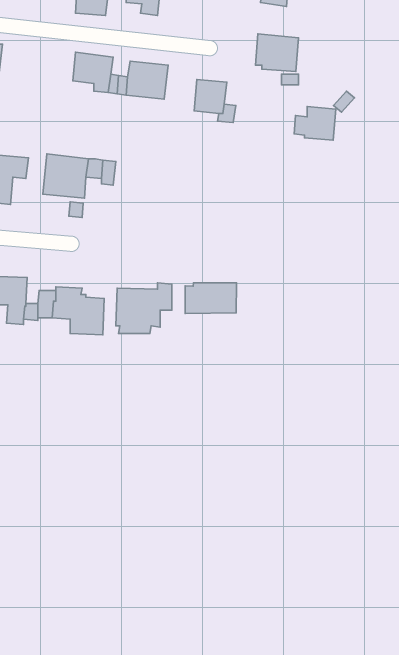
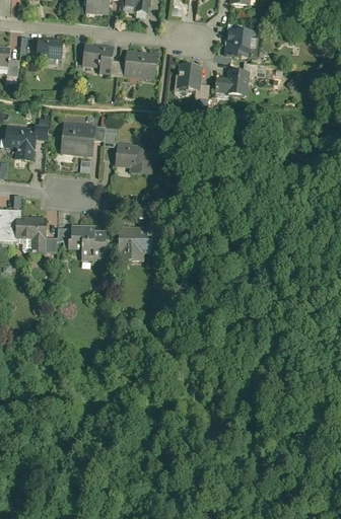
building: none -> [38,38,63,59]
building: [294,106,336,140] -> [217,69,250,95]
building: none -> [116,142,151,174]
building: [185,283,237,313] -> none

